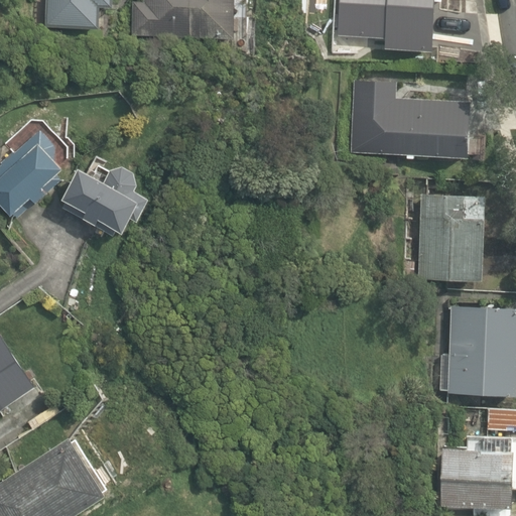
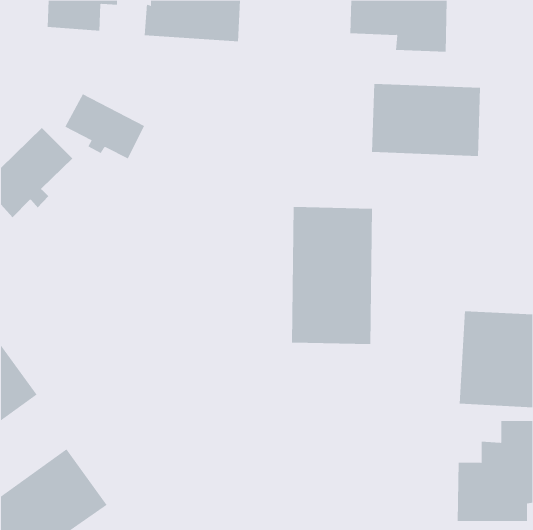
building: [58,167,136,231] -> [65,93,145,159]
building: [422,200,484,281] -> none
building: none -> [292,206,373,345]

